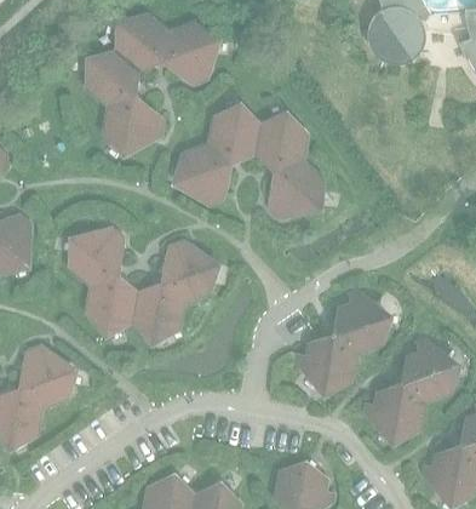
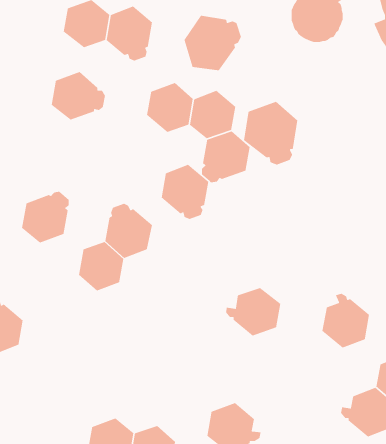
building: none -> [184,15,242,71]
building: [85,51,138,104] -> none
building: none -> [243,101,298,165]
building: [177,143,230,205] -> [161,164,209,220]
building: [85,275,137,330] -> none
building: [333,290,386,351] -> none
building: [363,382,424,437] -> none

